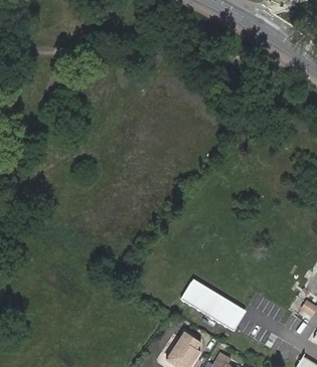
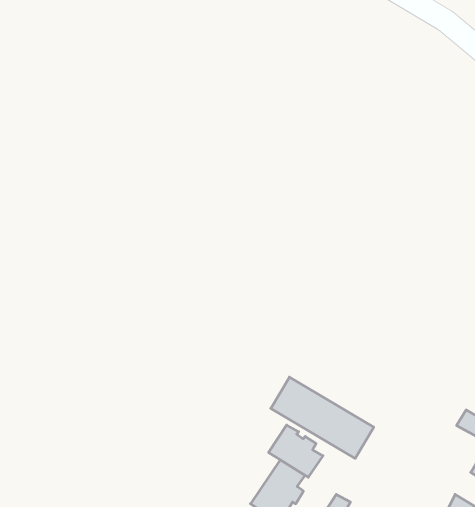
building: none -> [269,425,323,477]

